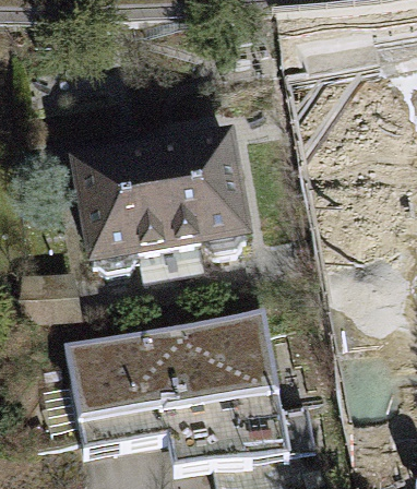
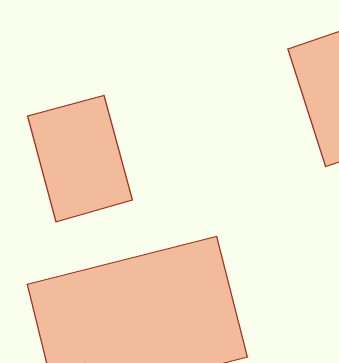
building: [158,140,261,265] -> none

